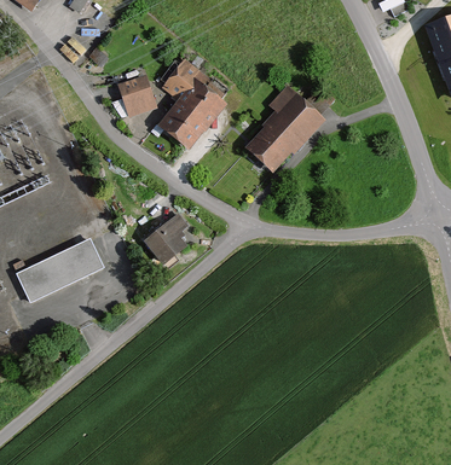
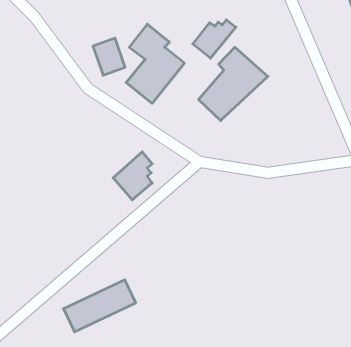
building: none -> [193,20,236,58]
building: [16,238,103,301] -> [63,280,136,332]

